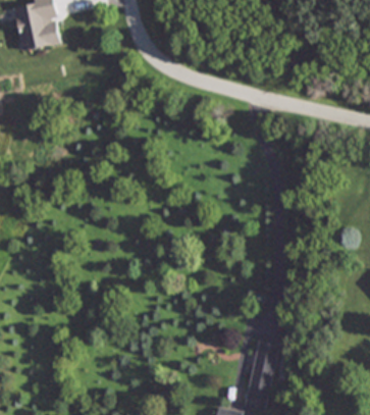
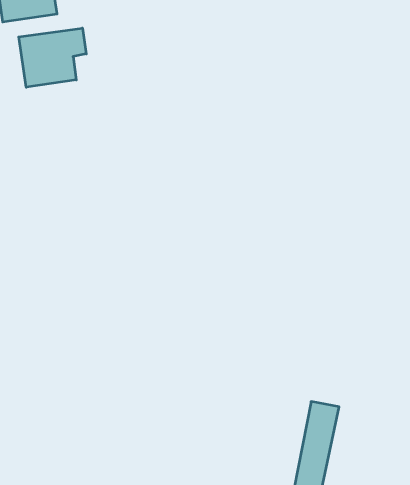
building: none -> [19,28,86,87]

